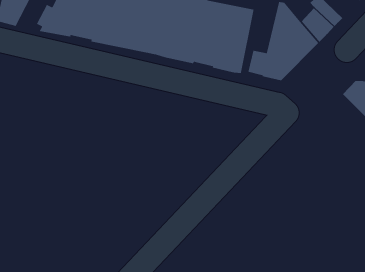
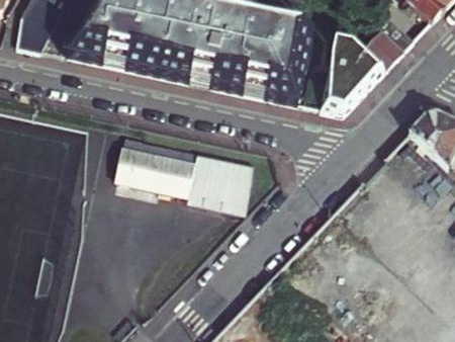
building: none -> [112,135,255,208]

